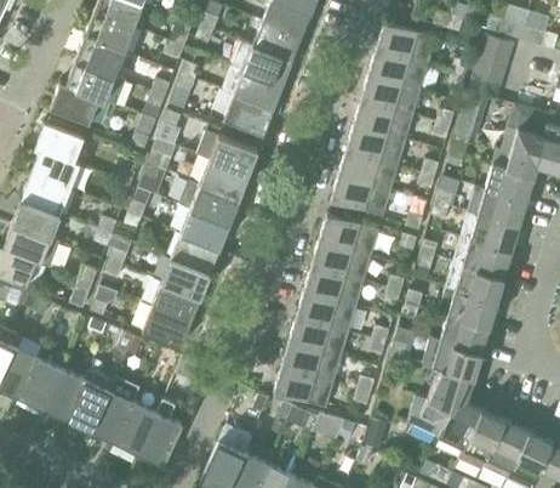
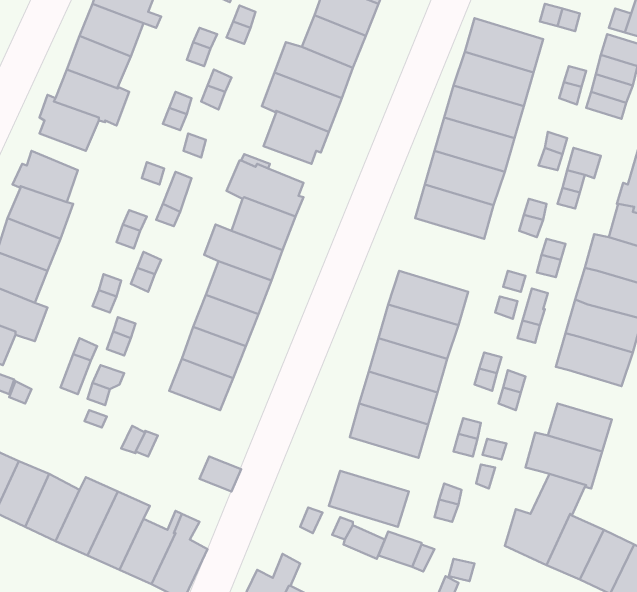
building: [331,175,392,217] -> none
building: [438,288,496,328] -> none
building: [142,306,192,346] -> none
building: [282,341,342,382] -> none

